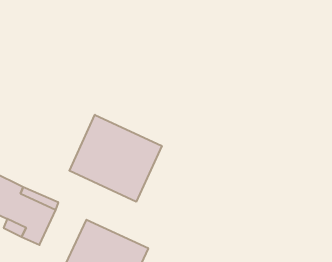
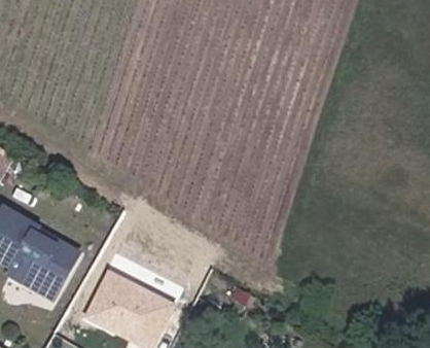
building: [69,115,162,202] -> none

